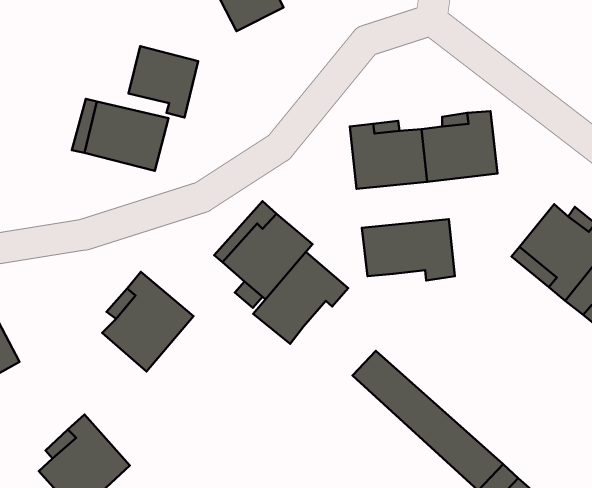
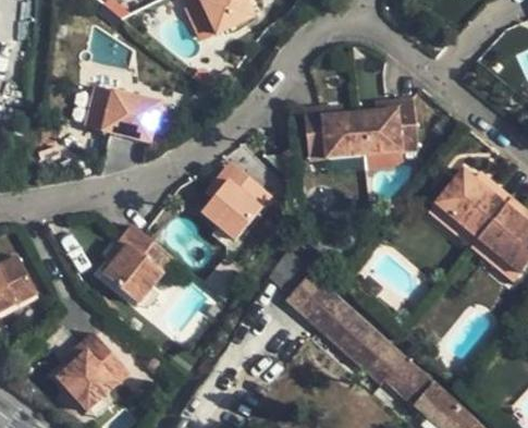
building: [129,46,198,117] -> none
building: [362,219,455,280] -> none
building: [253,252,348,344] -> none

